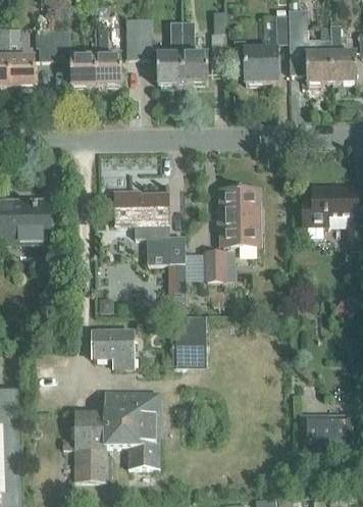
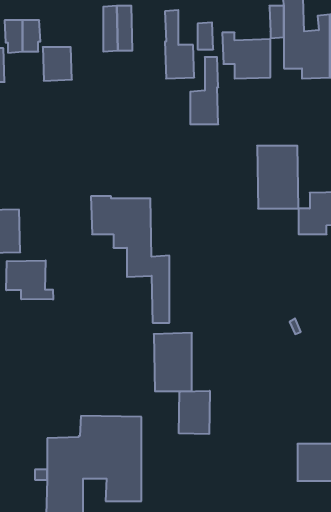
building: [157,21,183,83] -> [190,57,218,124]
building: [95,27,121,84] -> none
building: [221,188,259,245] -> [257,146,299,209]
building: none -> [6,260,53,300]
building: [206,250,227,280] -> none
building: [92,329,134,367] -> none
building: none -> [179,391,210,434]

